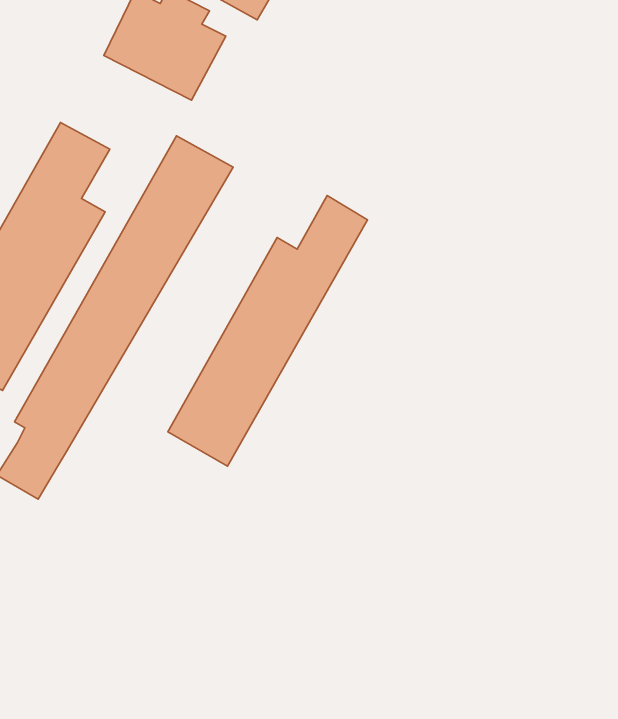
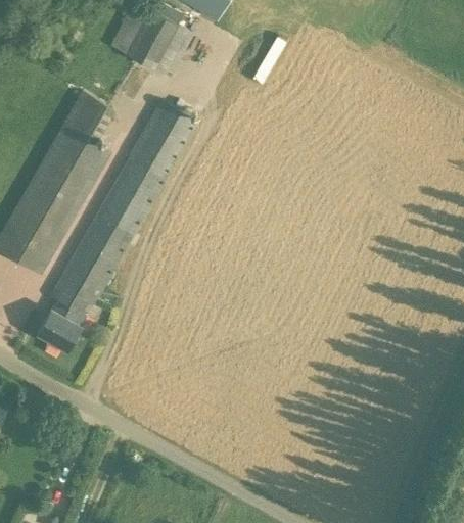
building: [168,196,368,466] -> none

